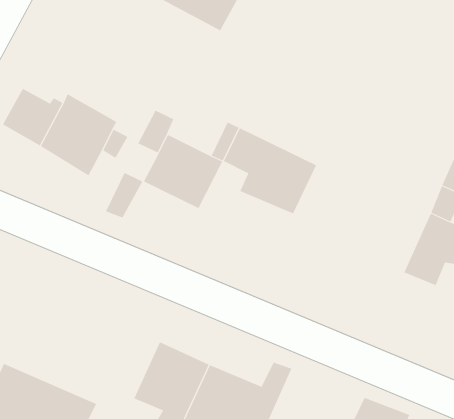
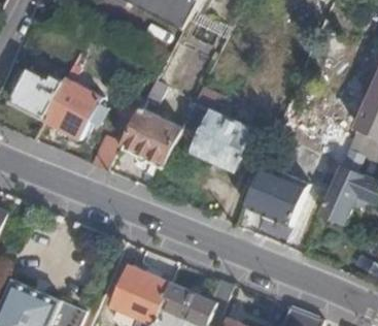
building: none -> [249,159,307,218]

